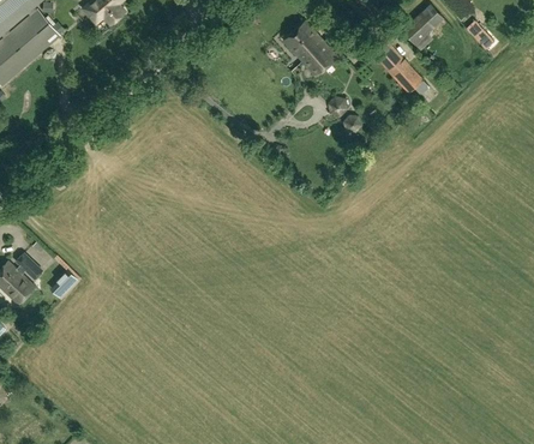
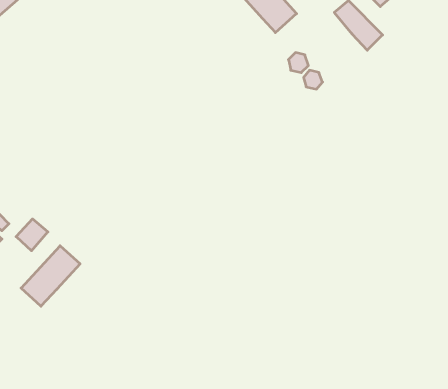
building: none -> [21,246,80,306]

